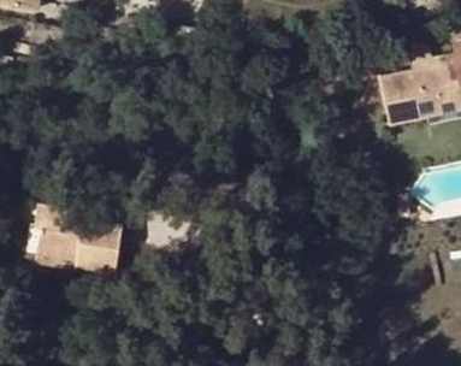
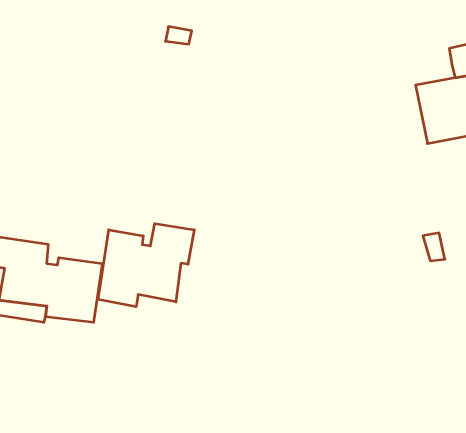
building: none -> [98,224,194,307]

